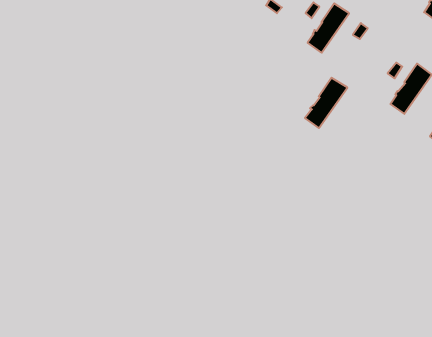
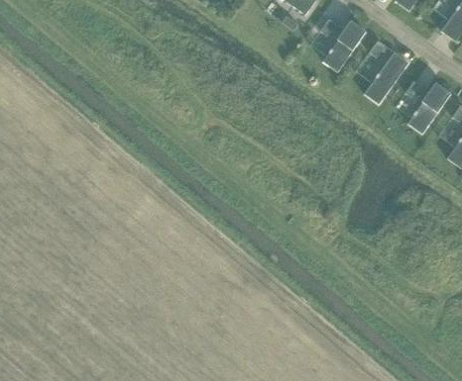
building: [305,78,347,128] -> [365,52,409,103]

